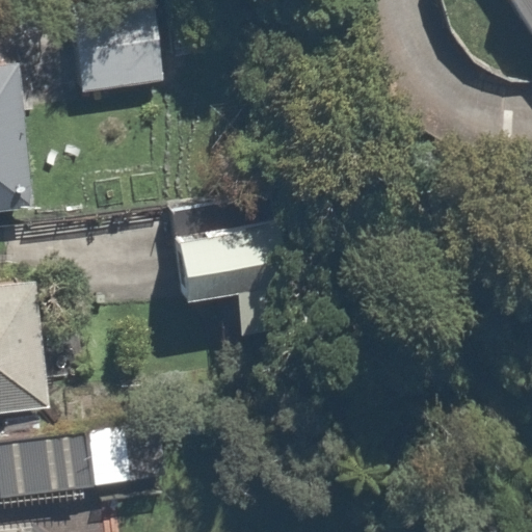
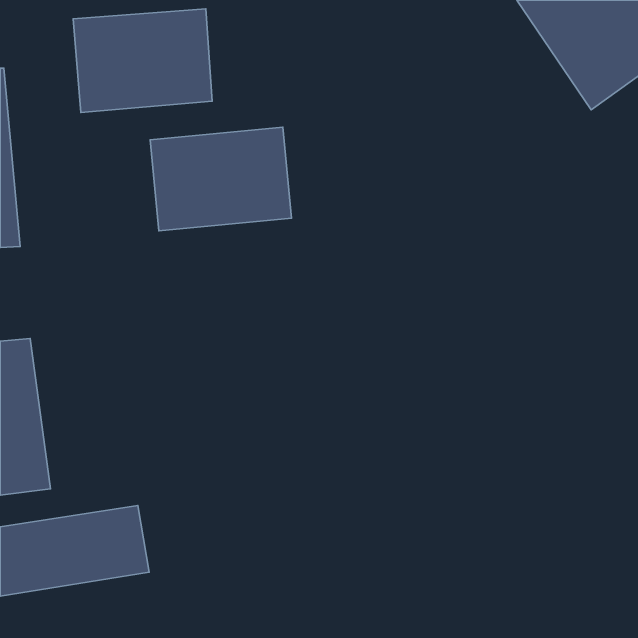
building: [161,220,277,305] -> [150,127,292,231]

